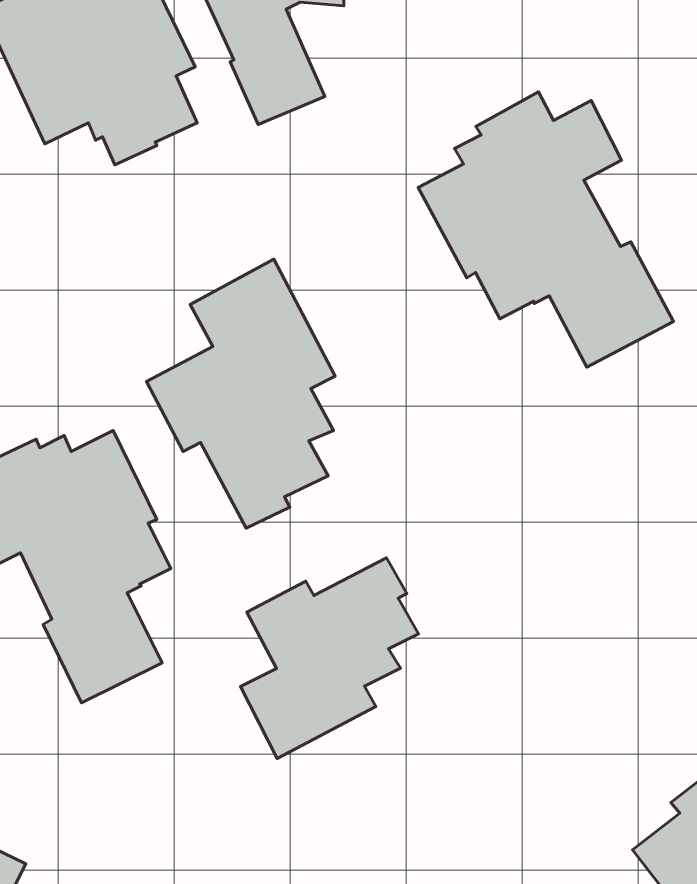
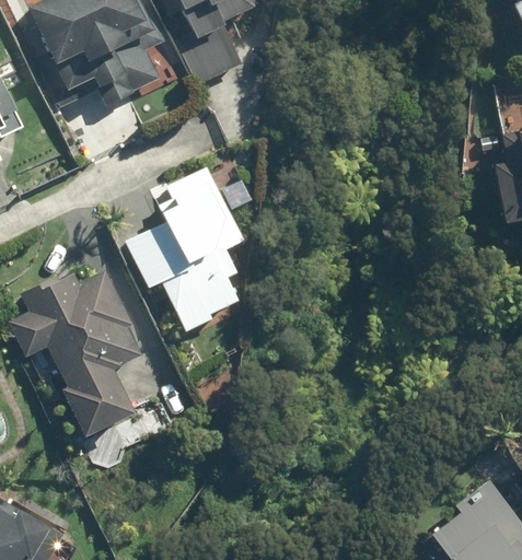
building: [418,92,674,367] -> none
building: [240,558,419,759] -> none

